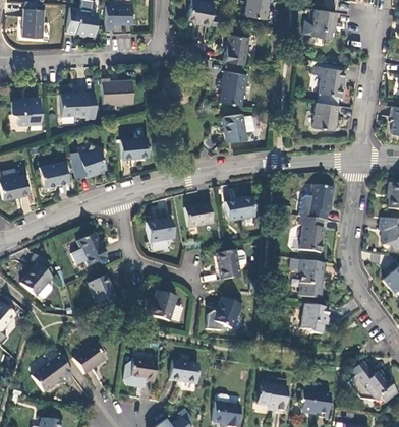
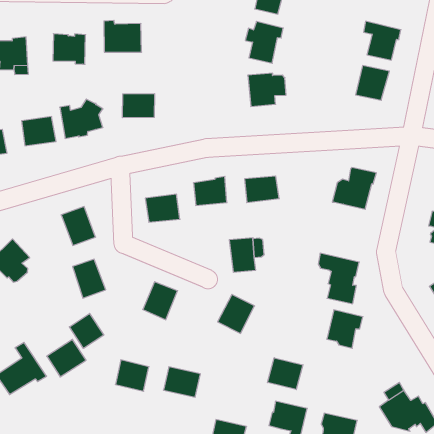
building: [300,216,329,253] -> none
building: none -> [69,313,104,348]
building: none -> [268,358,303,390]

